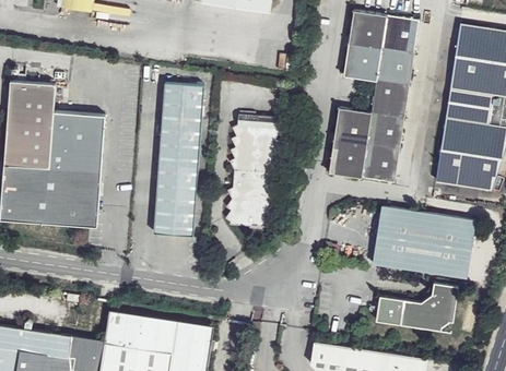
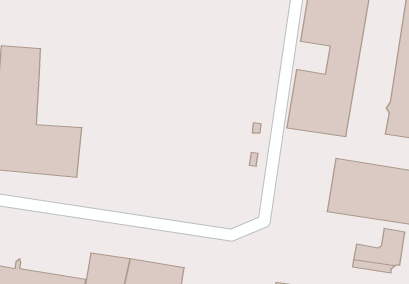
building: [154,83,202,235] -> none
building: [49,111,104,172] -> none
building: [223,117,280,230] -> none
building: [376,297,404,326] -> none

